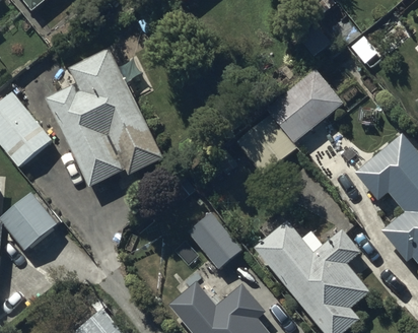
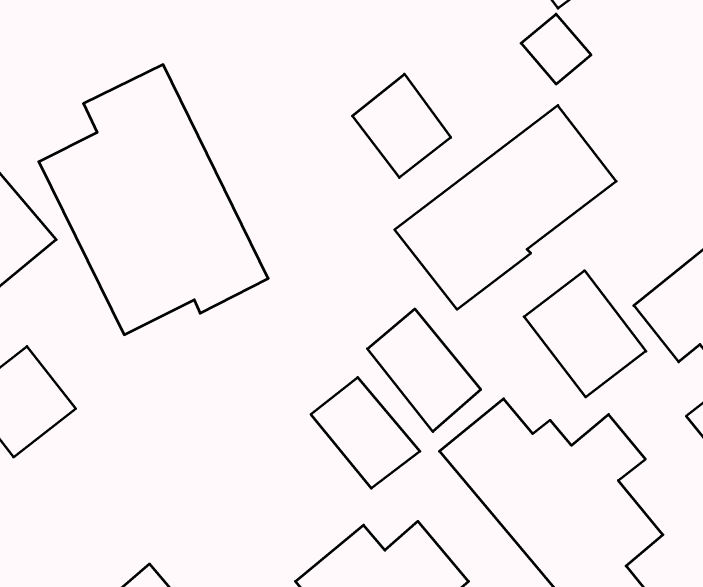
building: none -> [352,74,451,178]
building: none -> [524,271,646,397]
building: none -> [367,309,481,432]

